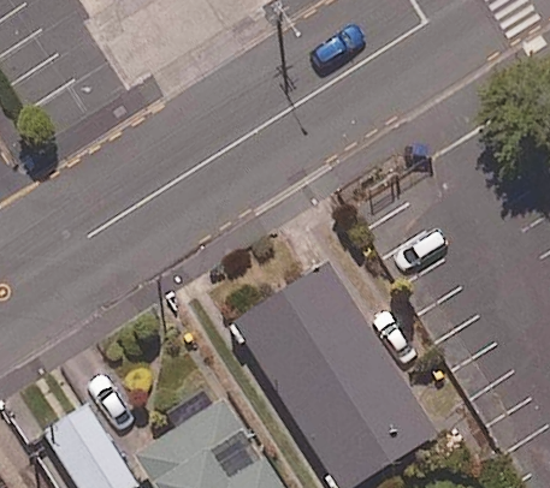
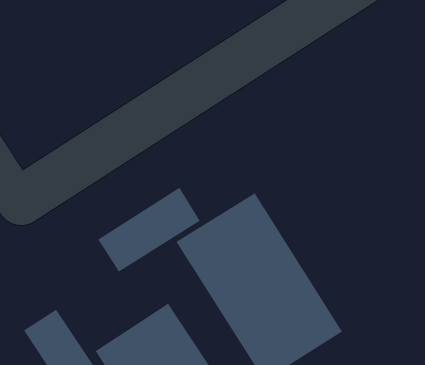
building: none -> [97,187,201,272]

